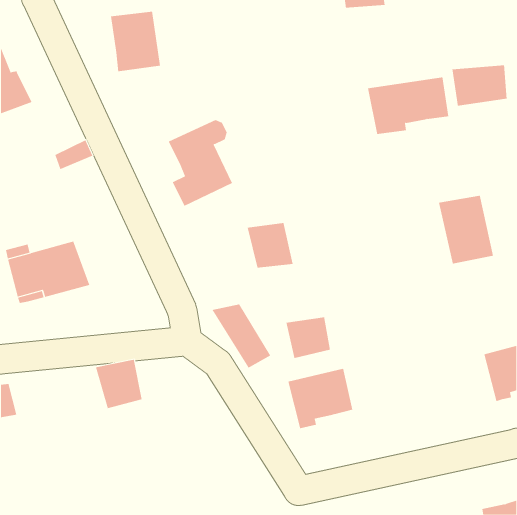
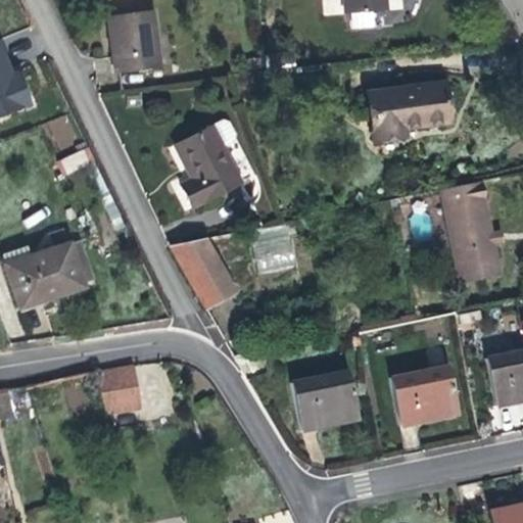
building: [452,64,507,107] -> none
building: none -> [457,258,503,288]
building: [212,304,271,369] -> [170,242,230,307]
building: [286,317,331,359] -> none
building: none -> [392,365,457,428]

